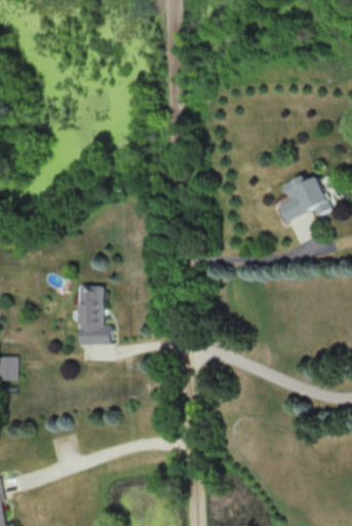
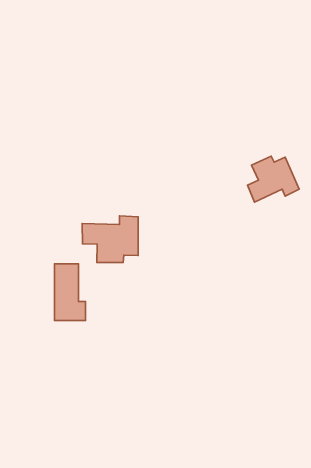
building: none -> [82,216,138,263]

